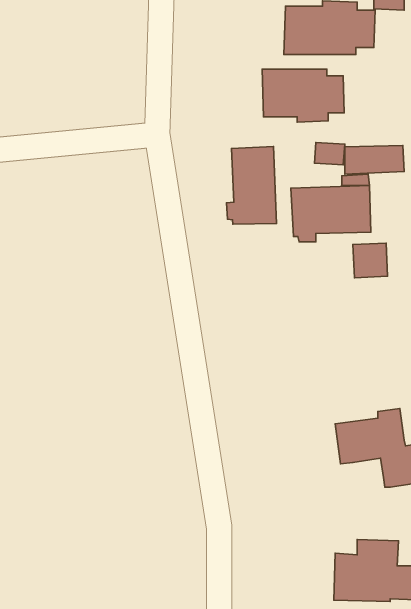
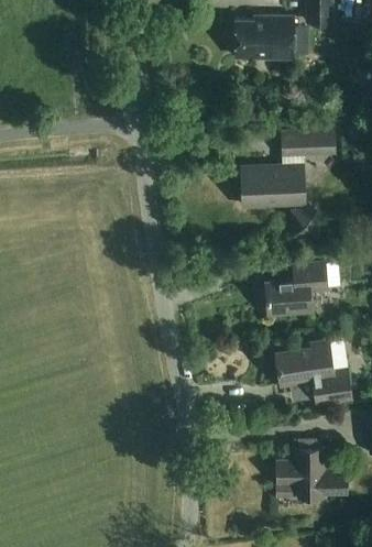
building: [262,69,344,122] -> none
building: [227,147,276,224] -> none
building: none -> [265,262,327,316]

